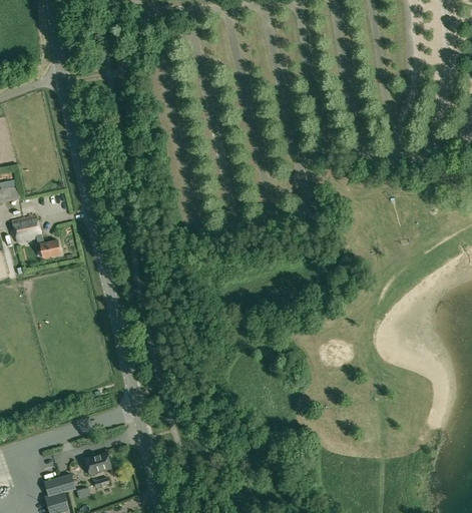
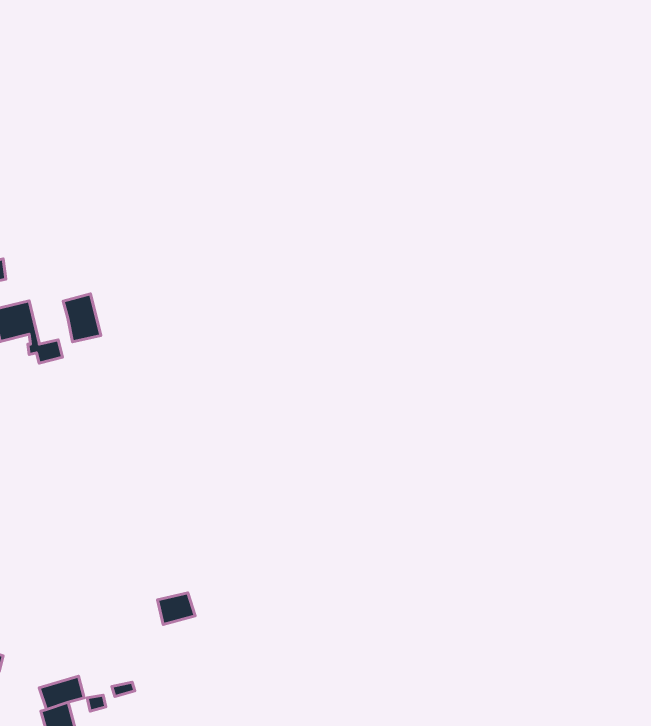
building: none -> [63,294,101,342]
building: [86,453,112,475] -> [157,593,195,625]

